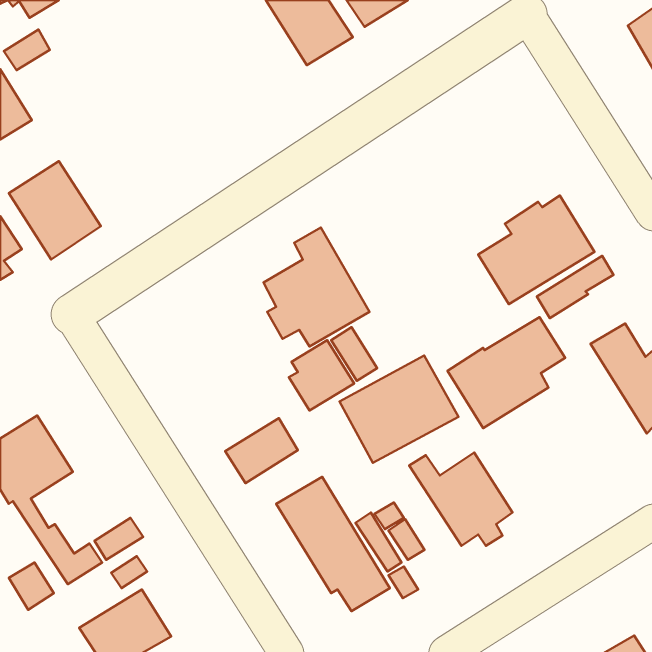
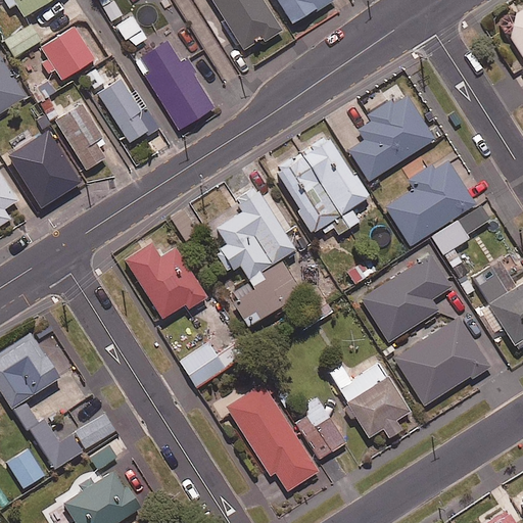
building: none -> [43,28,94,79]
building: none -> [141,40,215,130]
building: none -> [97,79,160,144]
building: none -> [345,92,433,179]
building: none -> [55,103,106,170]
building: none -> [275,135,370,235]
building: none -> [122,241,207,320]
building: [340,356,459,463] -> [390,315,485,400]

